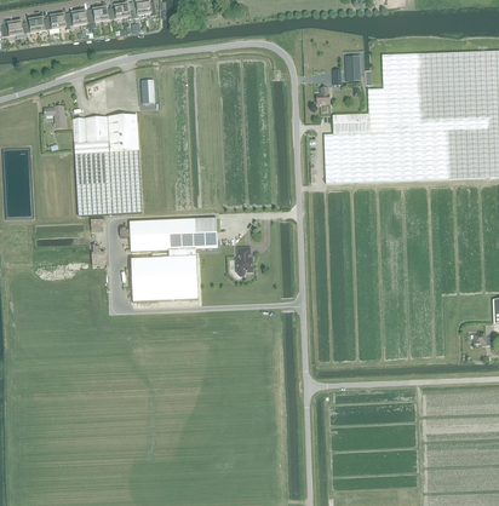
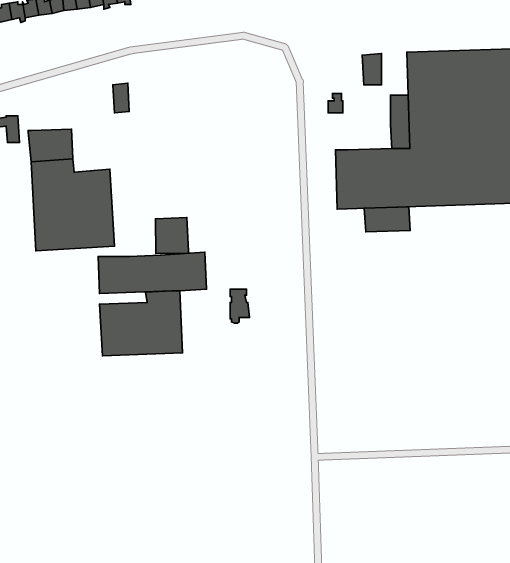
building: [108,113,139,151] -> none
building: [332,113,369,133] -> [364,207,410,232]
building: none -> [155,218,189,253]

